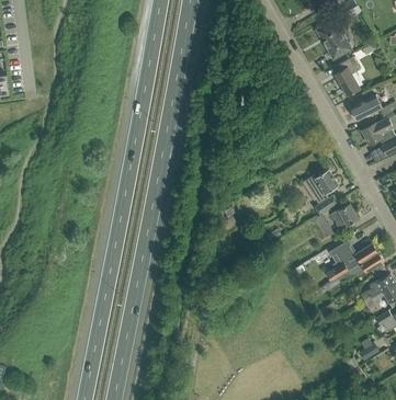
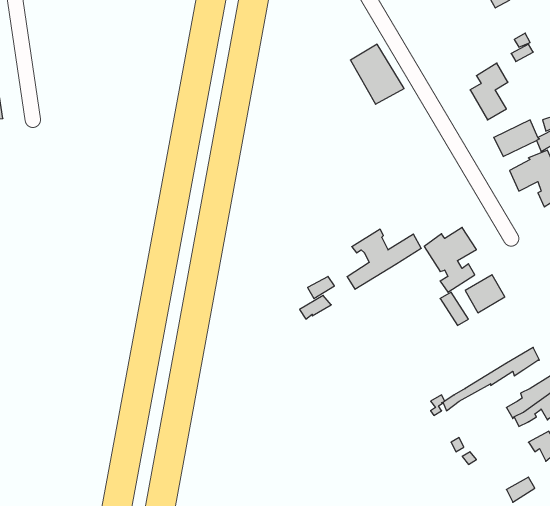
building: [315,19,352,60] -> [350,44,404,104]
building: [325,240,376,282] -> [347,229,421,289]

